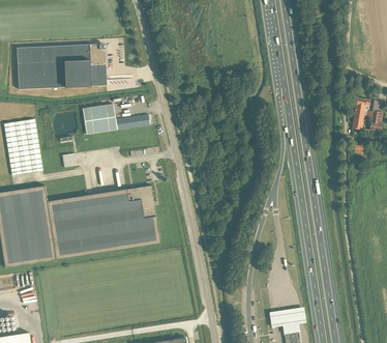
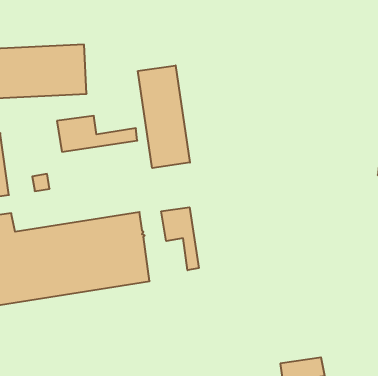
building: none -> [138,65,190,168]
building: none -> [161,207,199,270]

